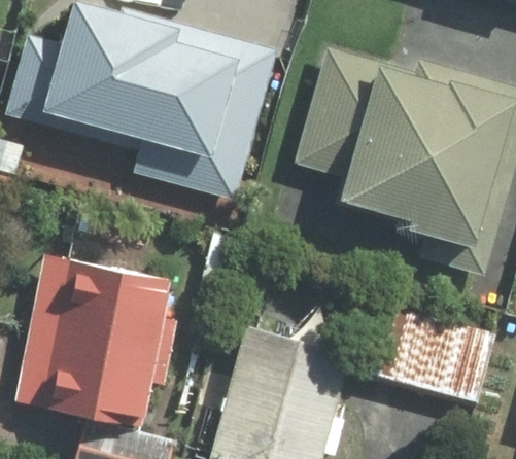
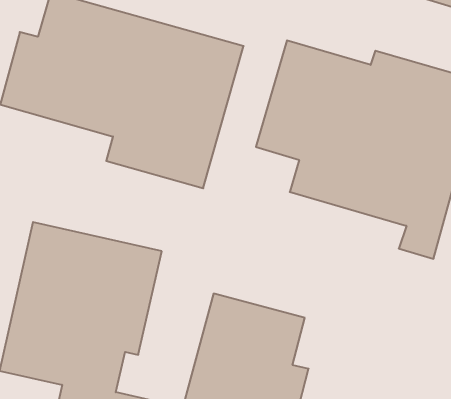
building: [376,302,500,399] -> none

